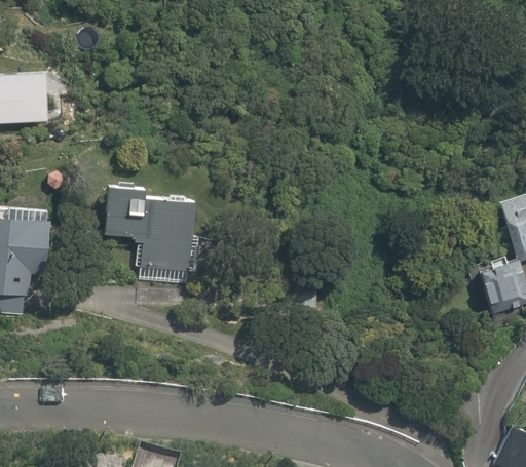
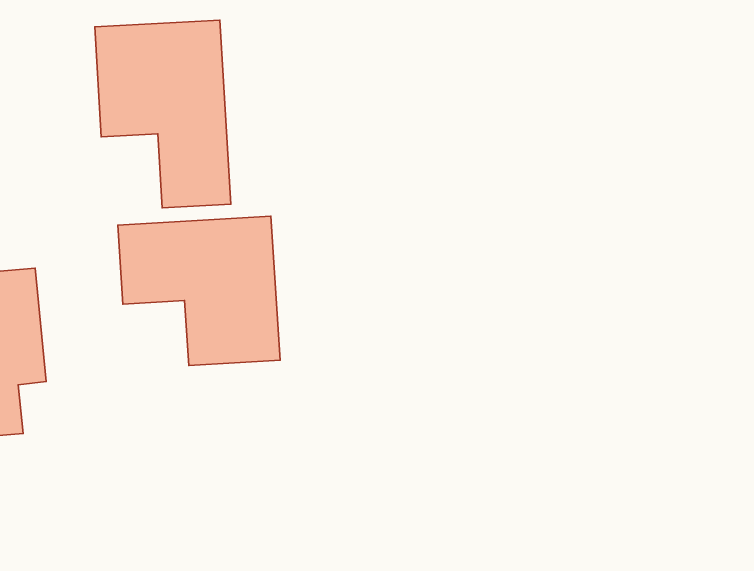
building: none -> [95,20,231,208]

